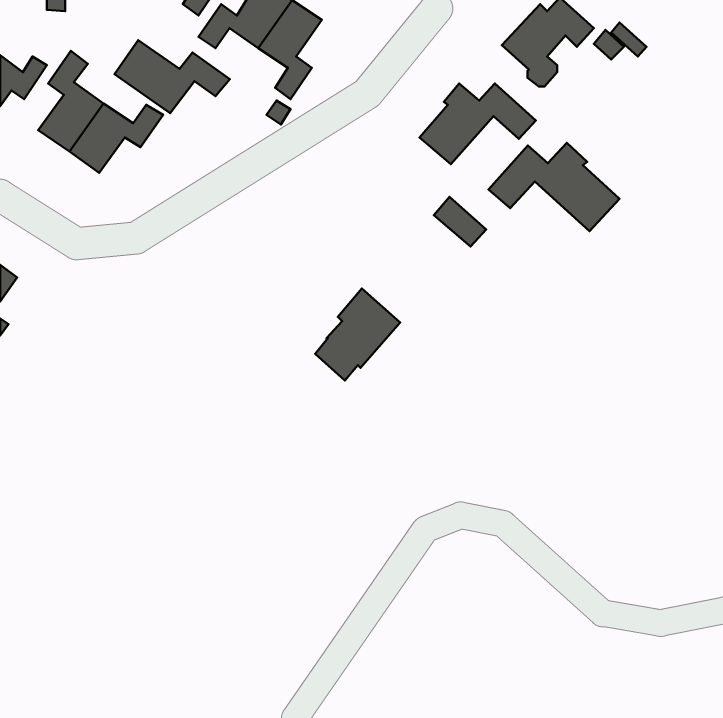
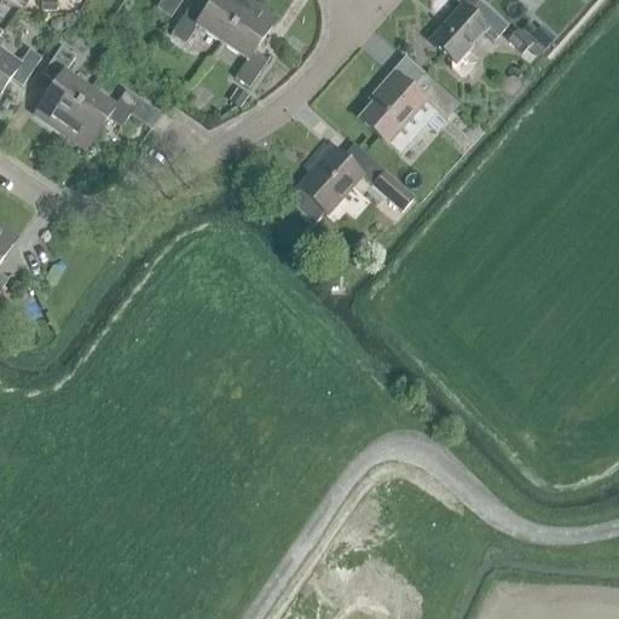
building: [115,40,230,113] -> none
building: [489,143,619,231] -> none
building: [315,289,400,381] -> [289,144,361,222]

